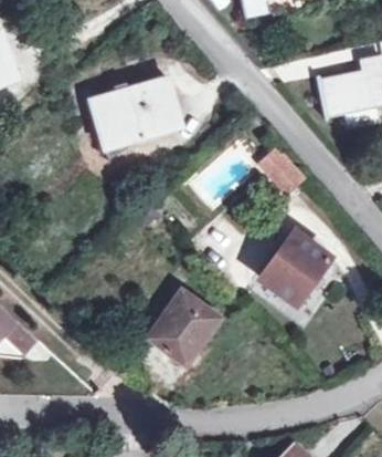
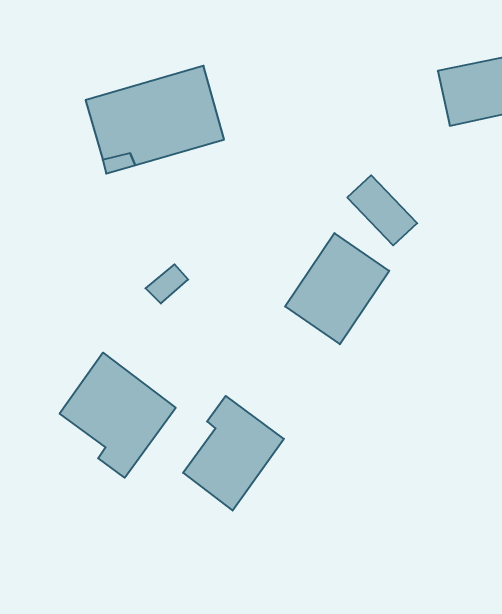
building: [262,232,329,304] -> [285,233,389,344]
building: none -> [60,353,176,478]

